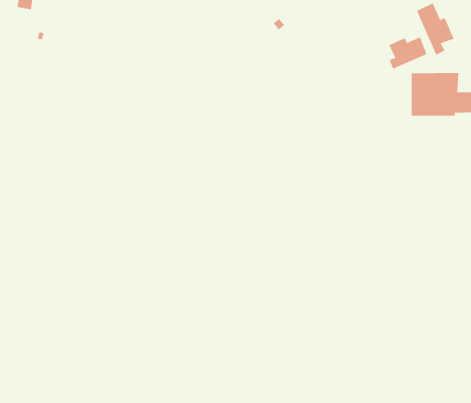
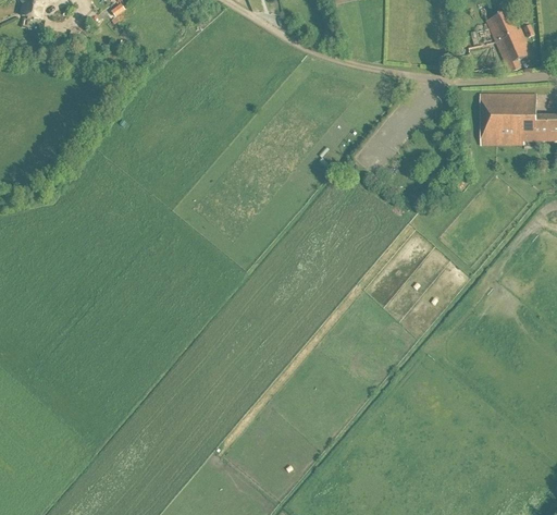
building: [388,37,427,70] -> none

